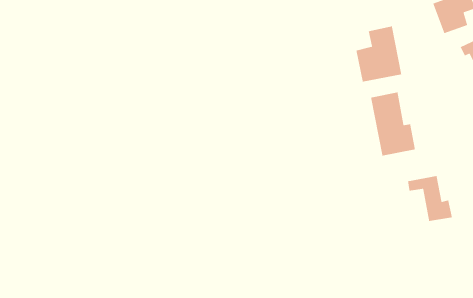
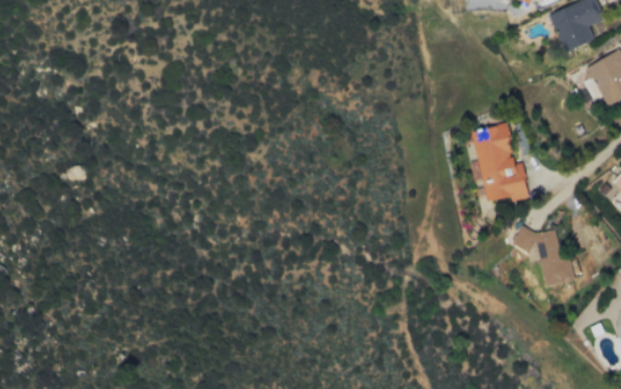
building: [355,26,402,82] -> none

